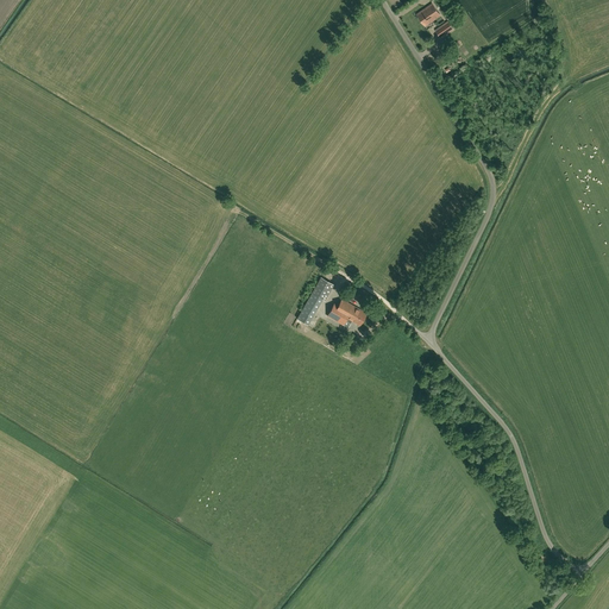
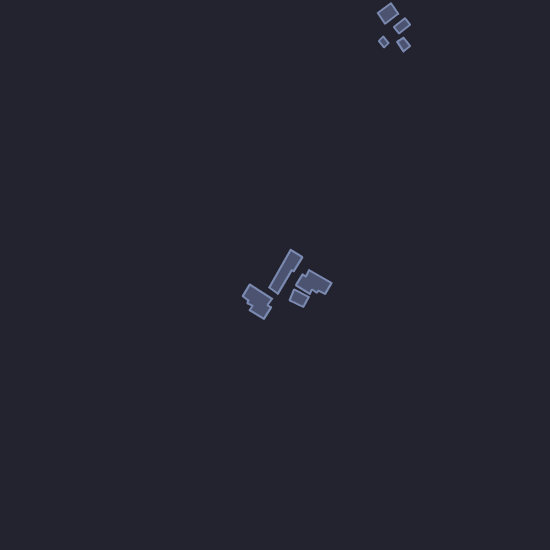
building: none -> [243,284,272,319]

